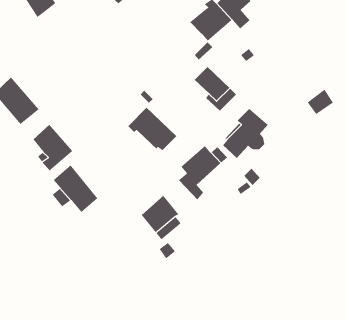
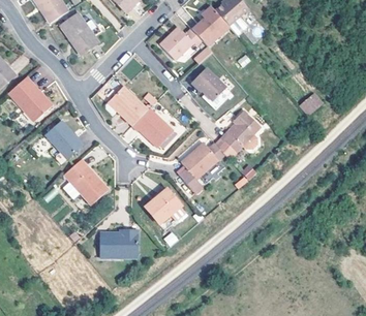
building: none -> [61,14,98,55]
building: none -> [160,28,202,61]
building: none -> [104,87,151,124]
building: none -> [100,228,138,256]

